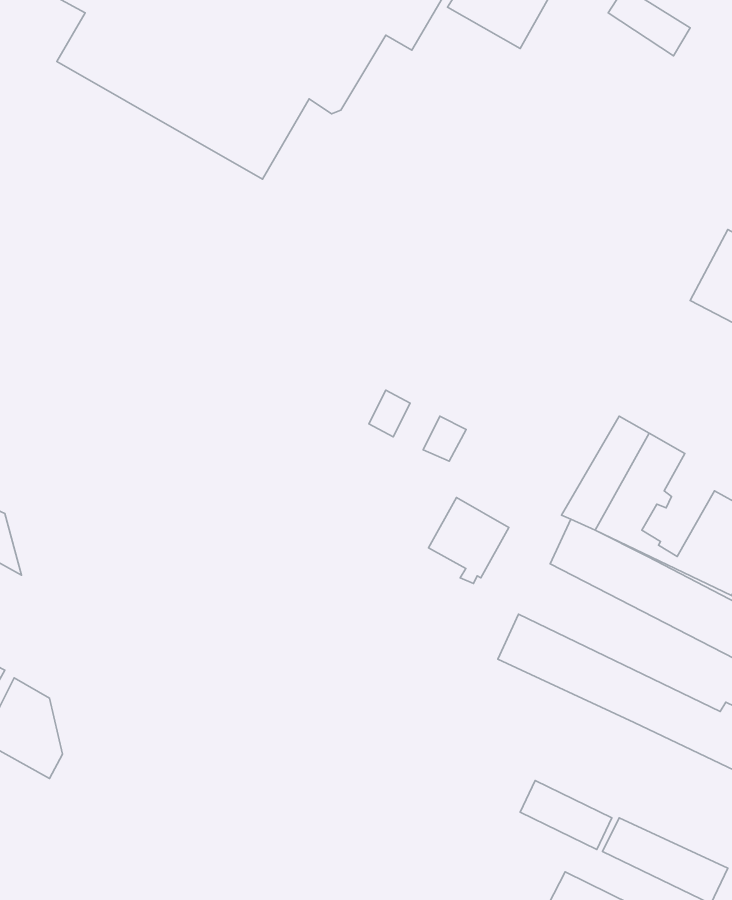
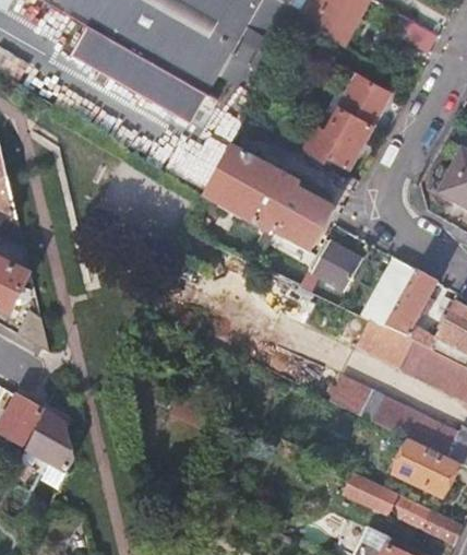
building: none -> [303,69,388,166]
building: none -> [202,145,333,250]
building: [429,498,509,583] -> [313,241,360,292]
building: none -> [391,438,457,496]

